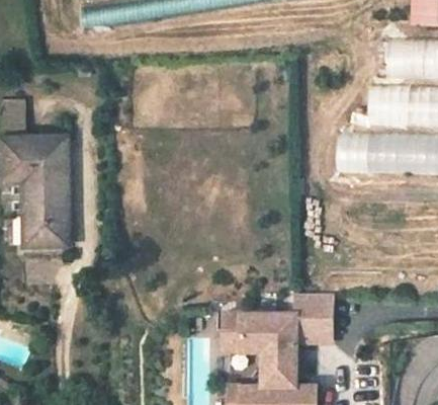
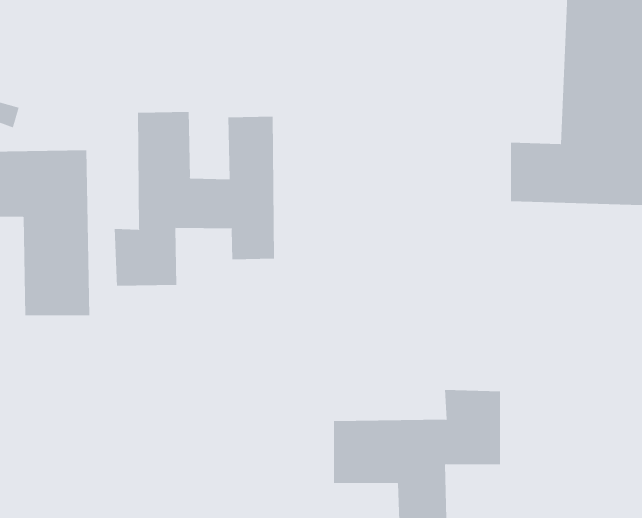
building: none -> [114,111,274,287]

